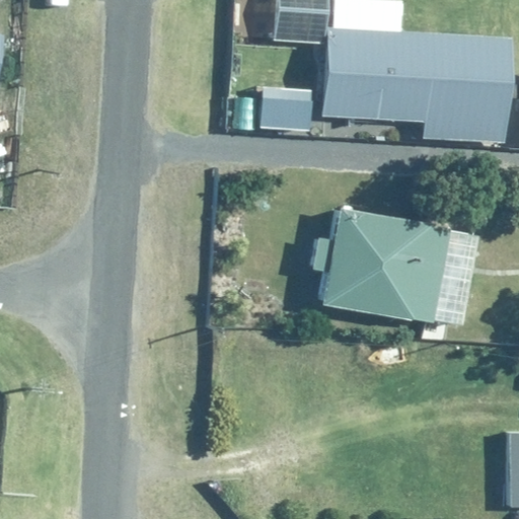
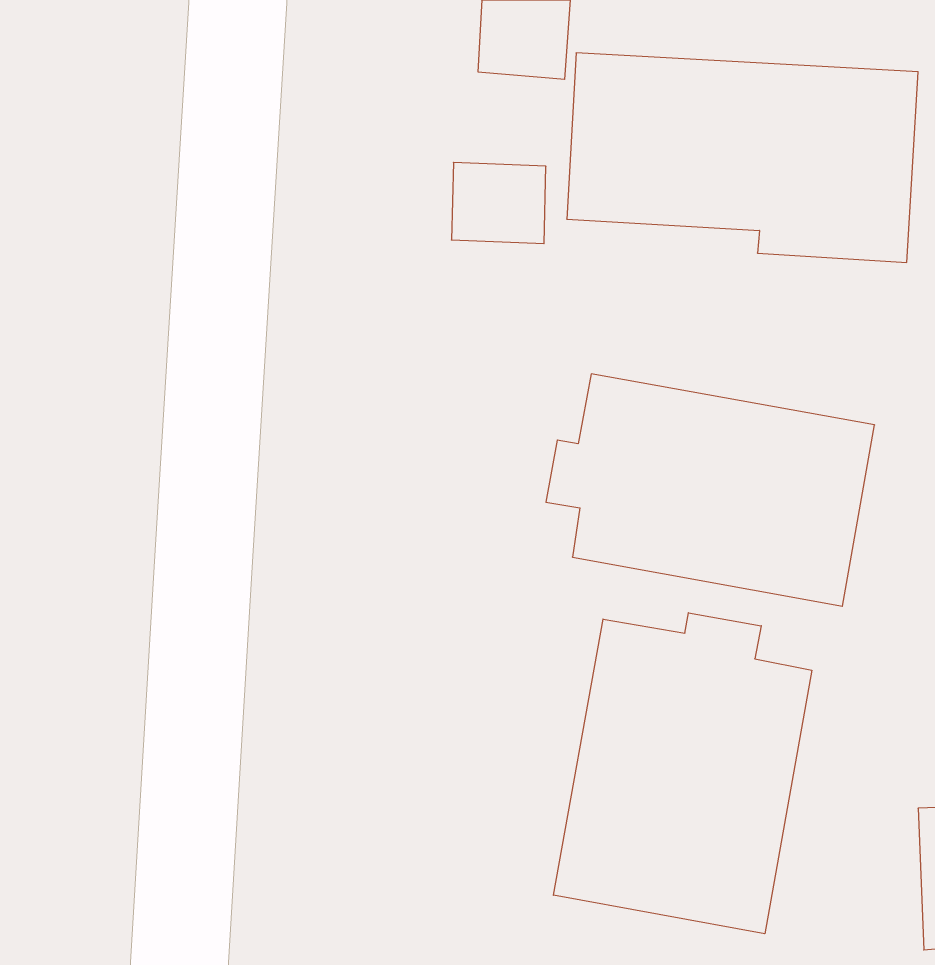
building: none -> [553,613,812,934]

